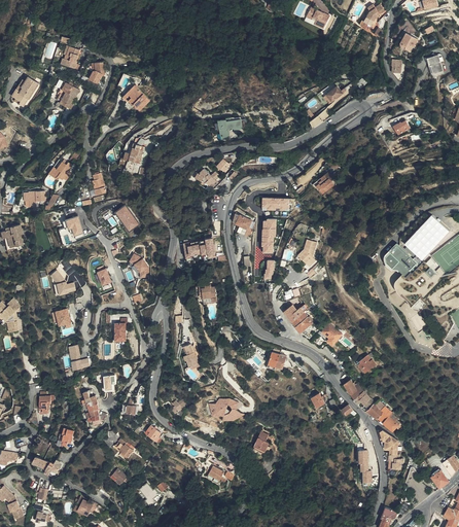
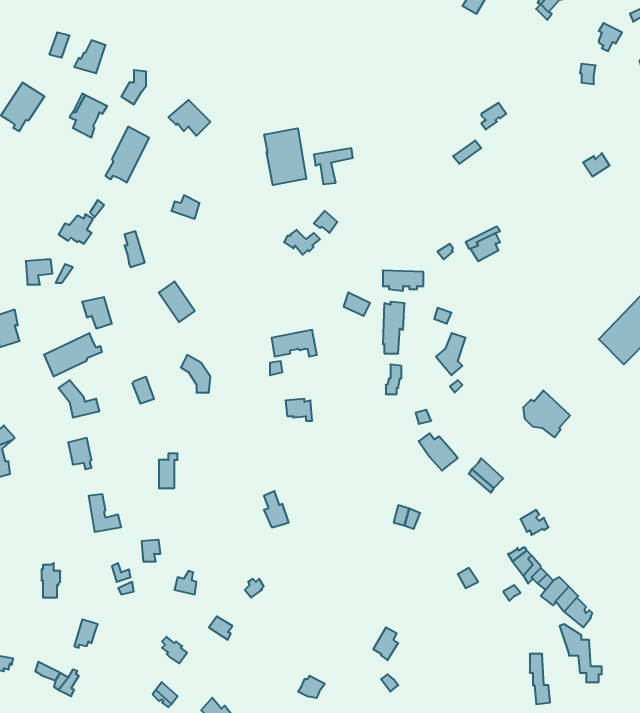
building: none -> [106,127,149,183]
building: none -> [264,128,306,185]
building: none -> [44,333,102,377]
building: [388,250,419,281] -> [523,390,570,437]
building: [208,398,244,420] -> none

